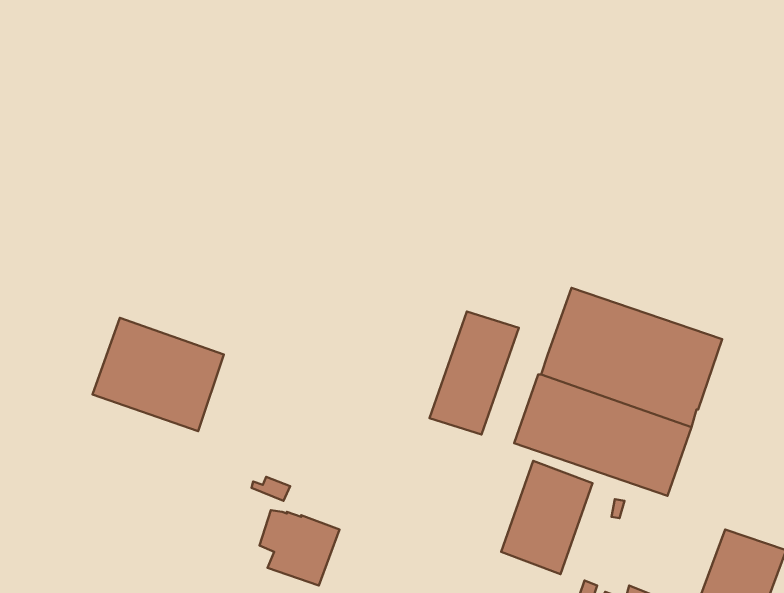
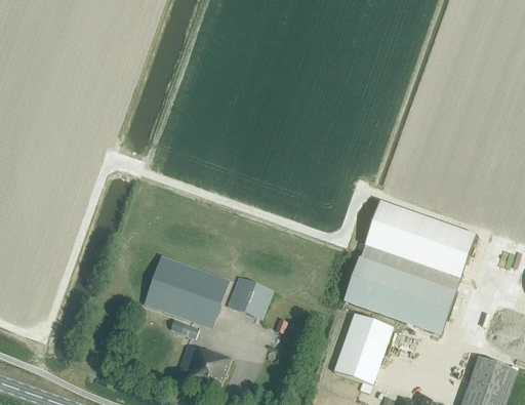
building: [429,311,519,435] -> none
building: [93,318,224,431] -> [145,254,229,327]
building: none -> [228,276,273,318]

